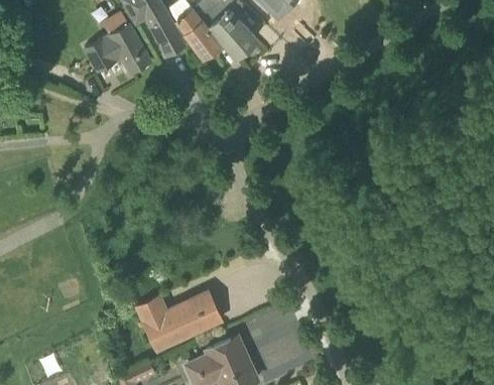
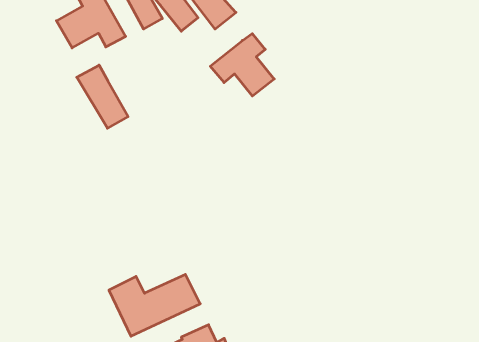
building: none -> [210,34,274,96]
building: none -> [77,65,128,128]

